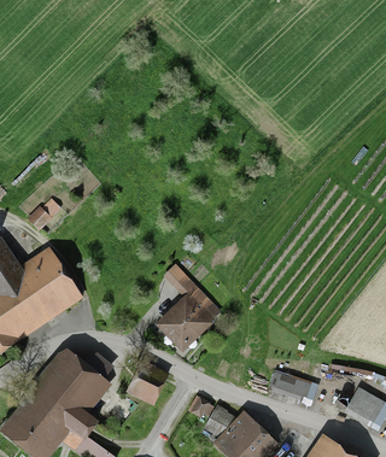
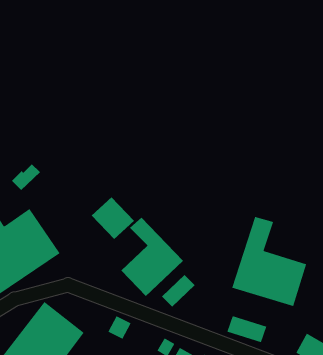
building: none -> [91,196,135,240]
building: none -> [232,216,307,307]
building: none -> [161,274,195,307]

